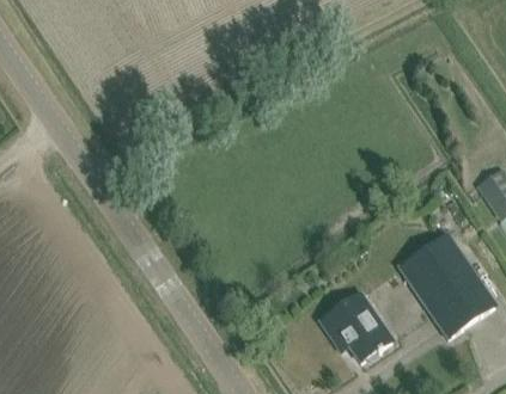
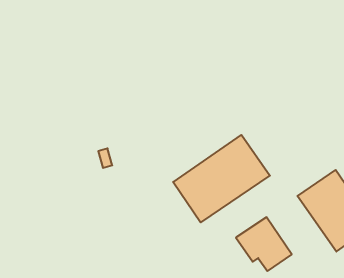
building: none -> [173,135,270,222]

